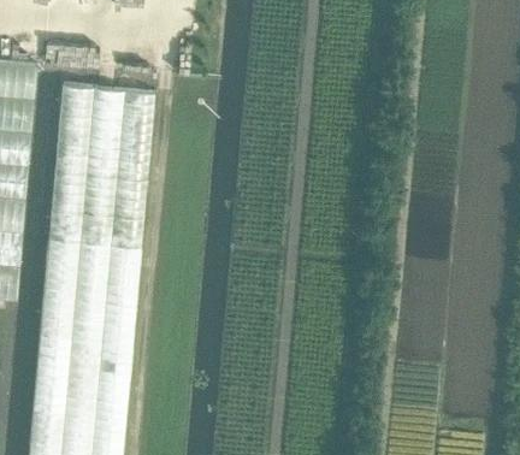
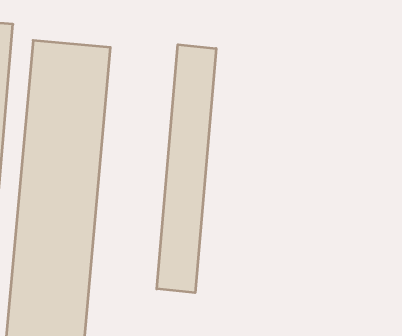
building: none -> [157,45,216,293]

